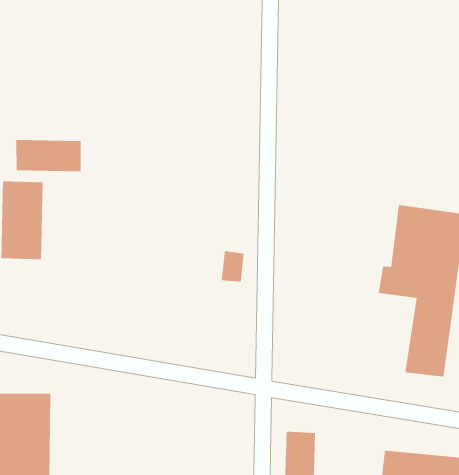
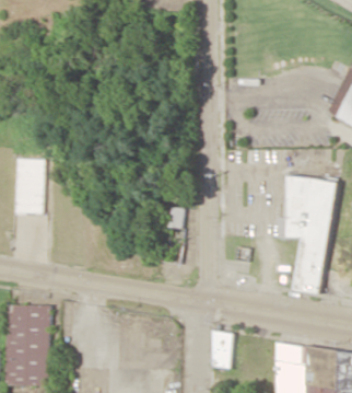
building: [16,139,81,172] -> none

